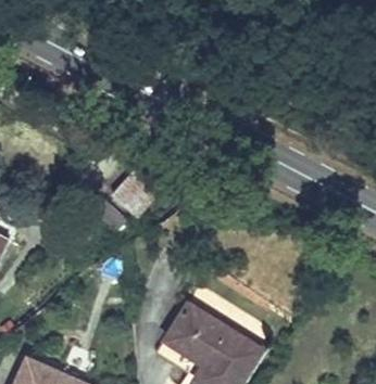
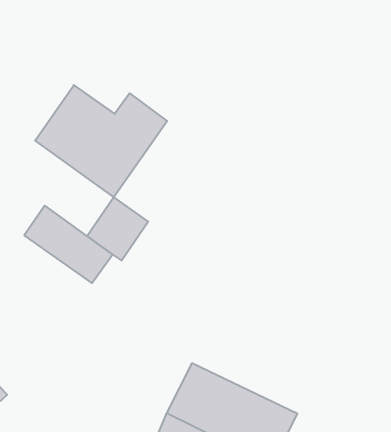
building: none -> [35,85,167,197]

